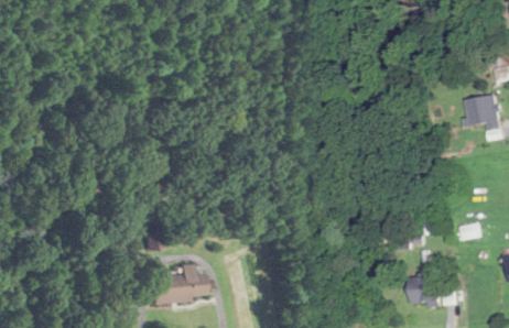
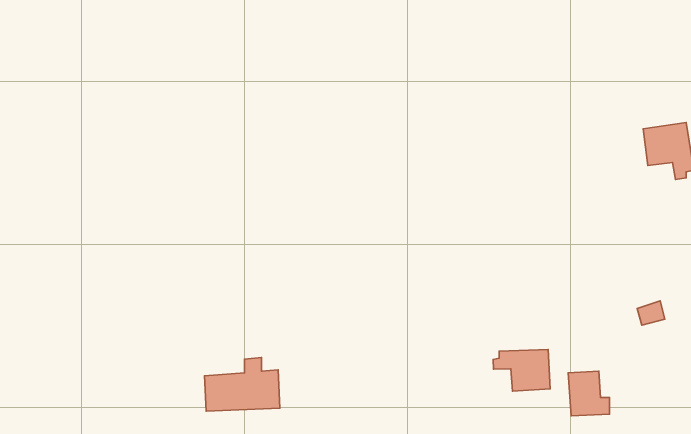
building: none -> [493,350,550,391]

